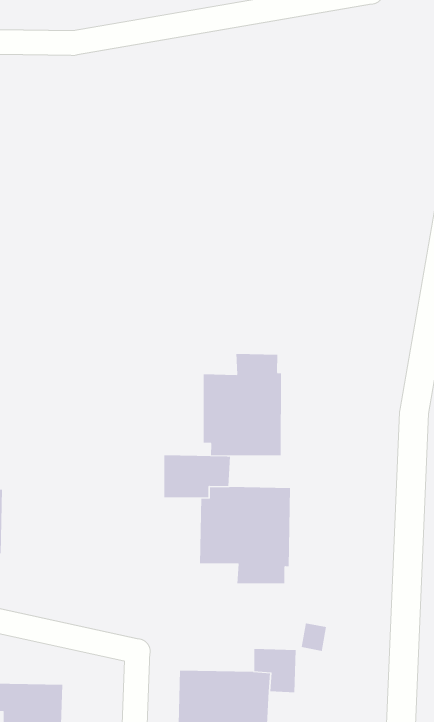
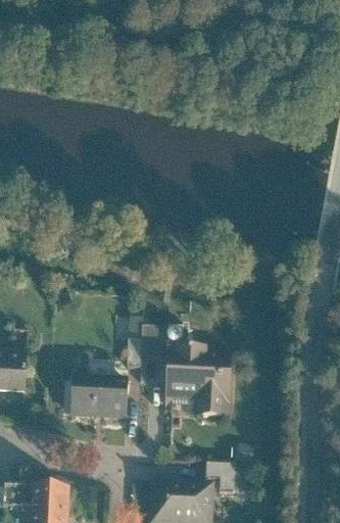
building: [203,353,281,456] -> none
building: none -> [70,375,128,419]

